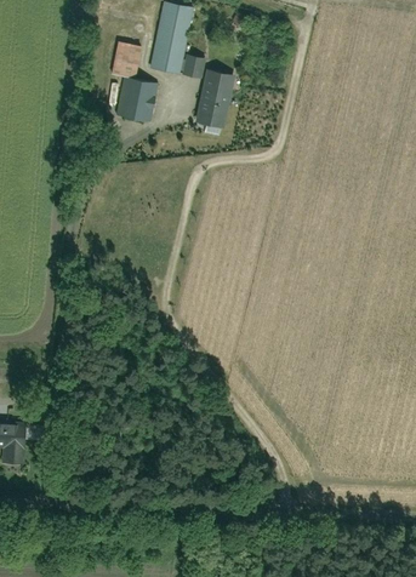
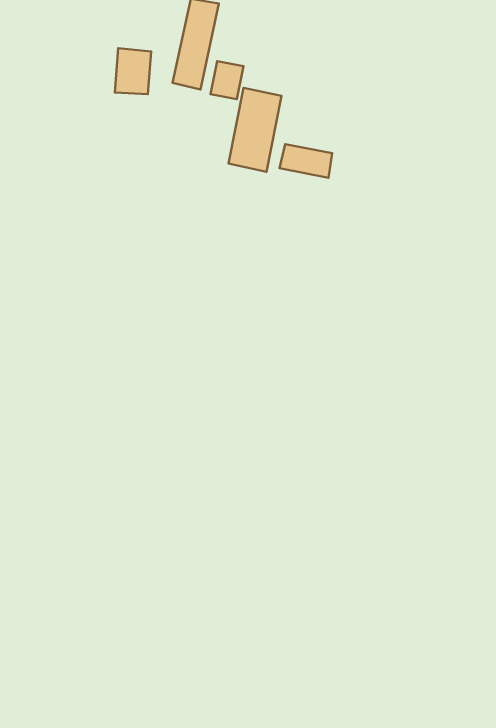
building: [119,75,159,121] -> none
building: none -> [280,144,332,178]

